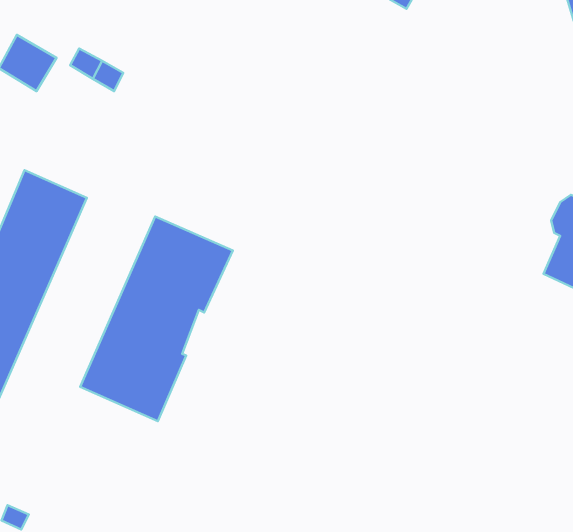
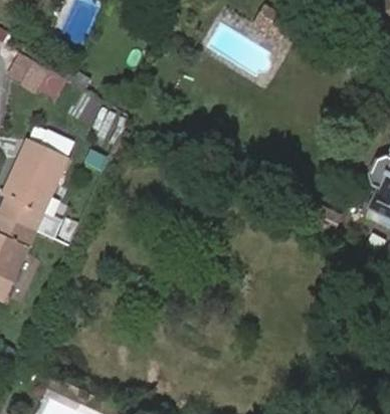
building: [80,216,233,421] -> none

